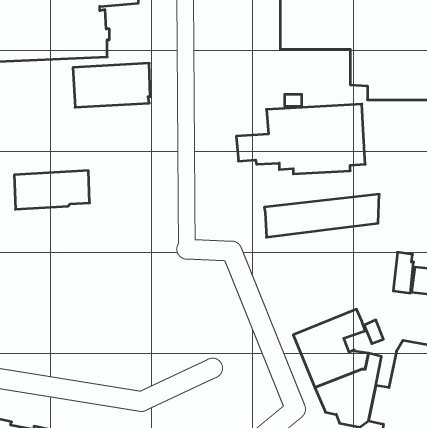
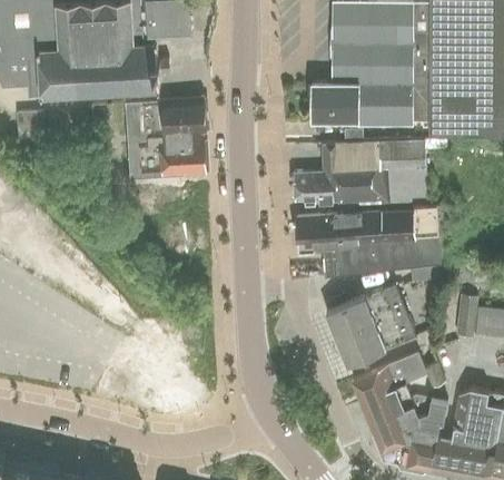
building: none -> [309,84,411,125]
building: none -> [296,204,443,255]
building: [14,171,90,209] -> [126,139,204,179]
building: none -> [325,285,415,365]

